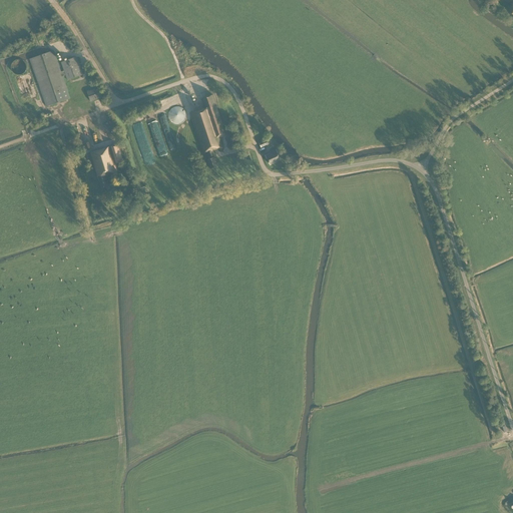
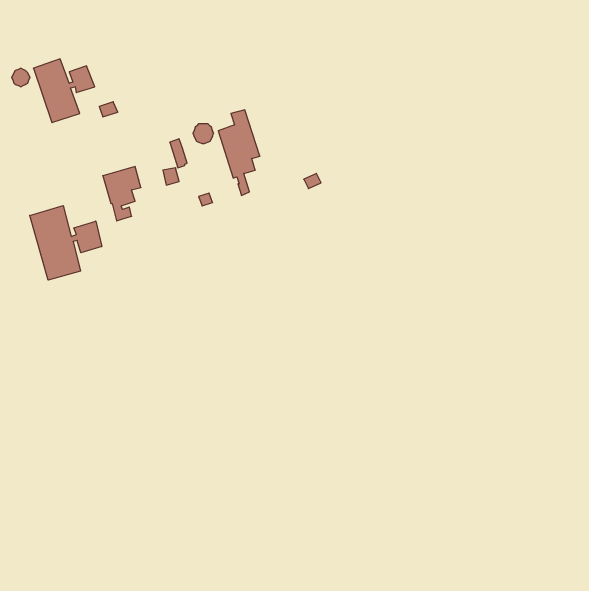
building: none -> [30,206,102,280]

